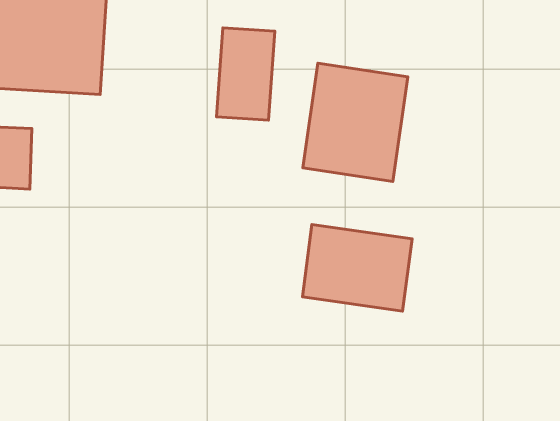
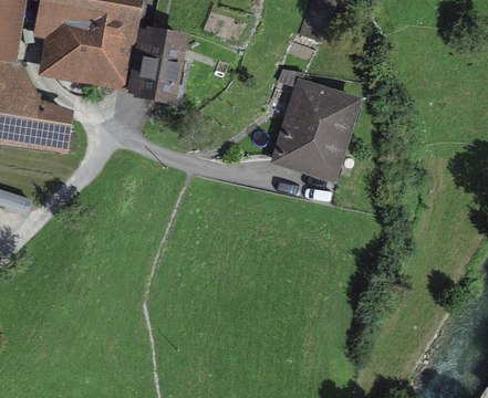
building: [217,28,275,120] -> [136,28,187,101]
building: [302,224,412,311] -> none

